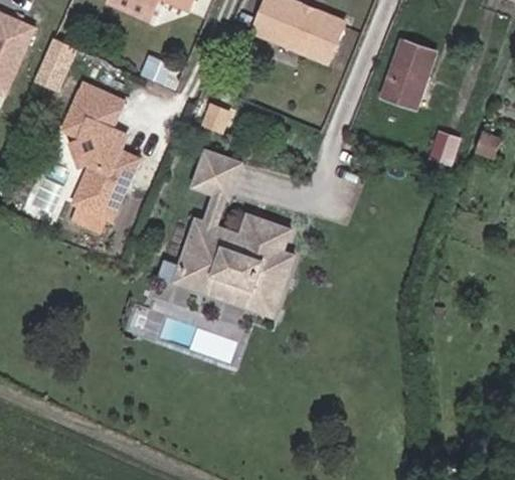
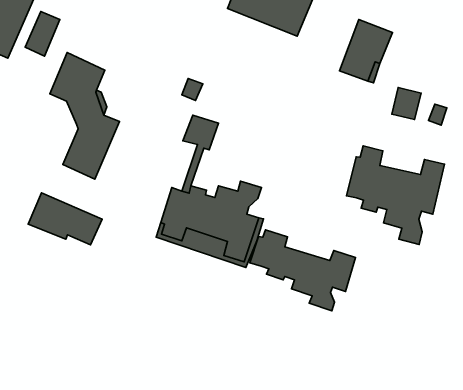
building: none -> [347,146,444,244]
building: none -> [28,193,102,245]
building: none -> [250,230,356,311]

